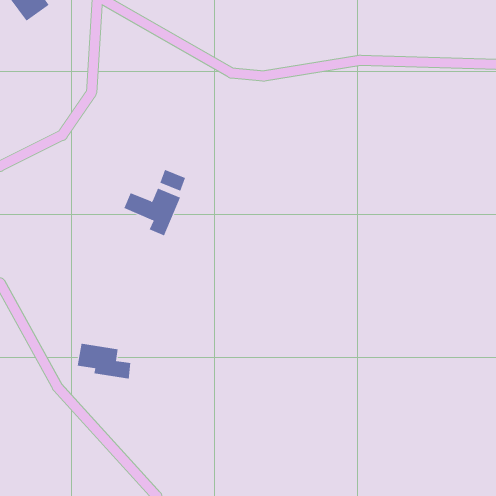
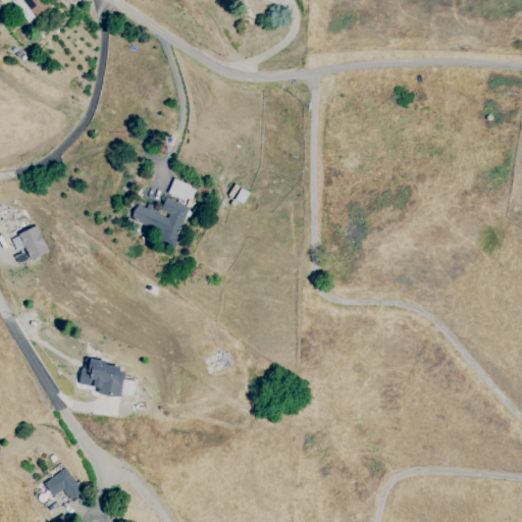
building: none -> [10,226,47,258]
building: none -> [44,467,82,499]

